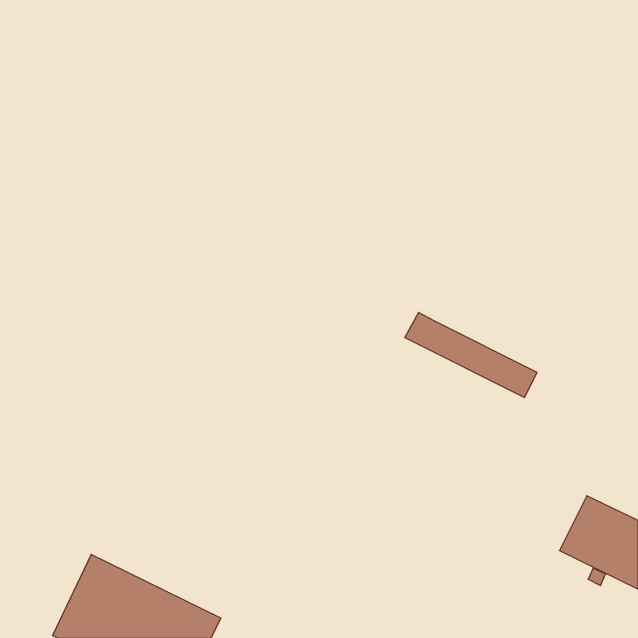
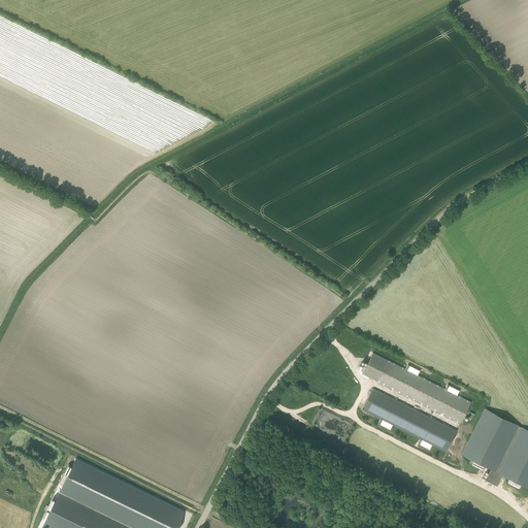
building: [405,313,537,397] -> [362,353,471,423]
building: none -> [362,388,457,452]

